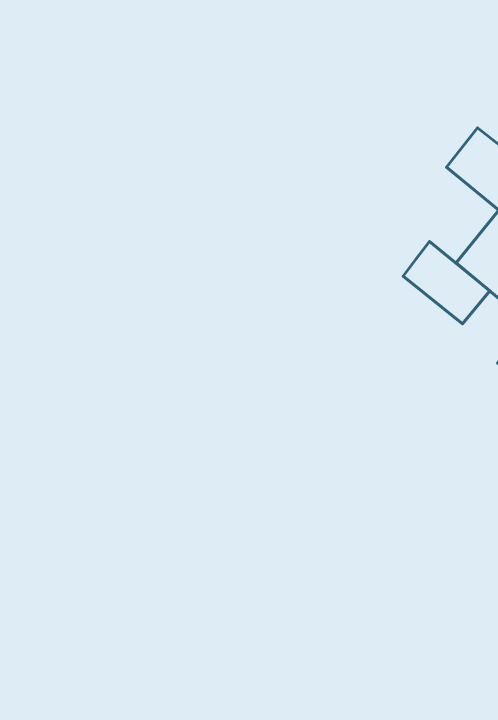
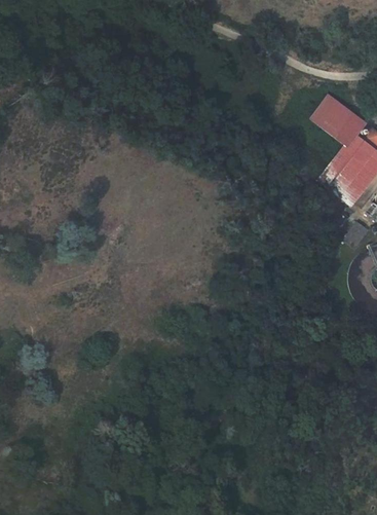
building: [403,241,490,324] -> none

